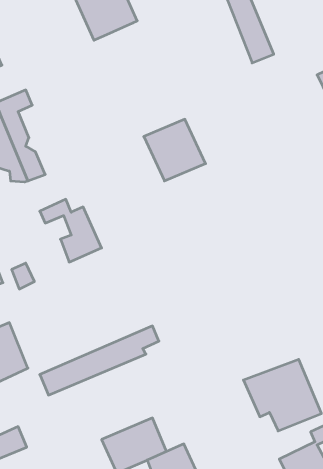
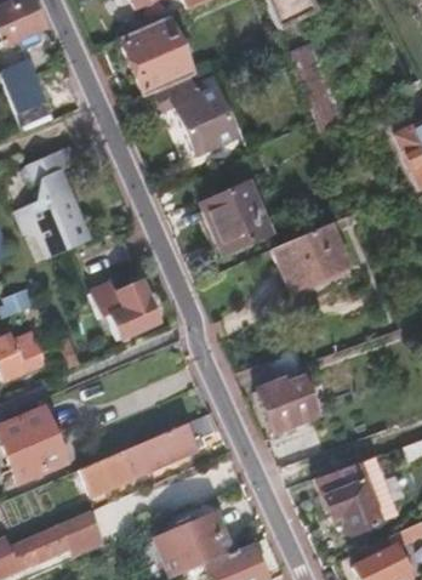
building: none -> [158,74,236,150]
building: none -> [275,221,349,286]
building: none -> [256,349,315,428]
building: none -> [62,513,106,558]

